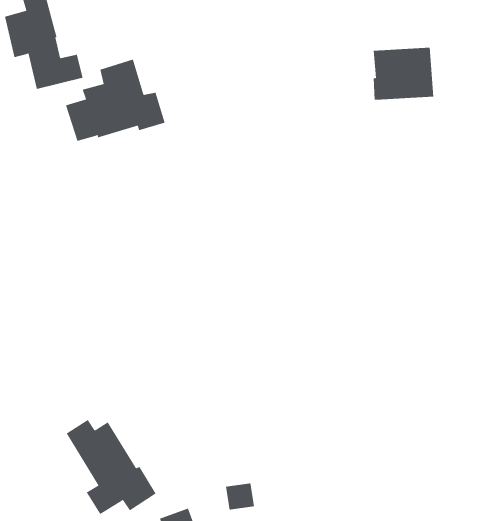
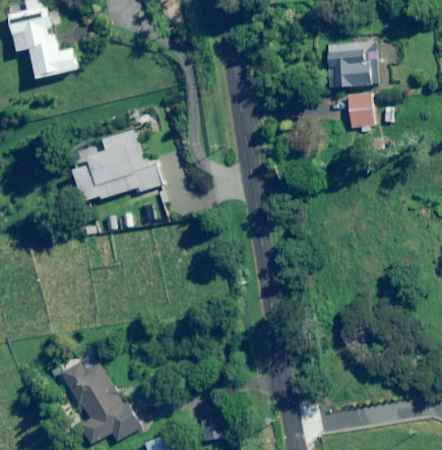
building: [65,59,166,142] -> [73,130,160,201]
building: none -> [346,92,373,128]

